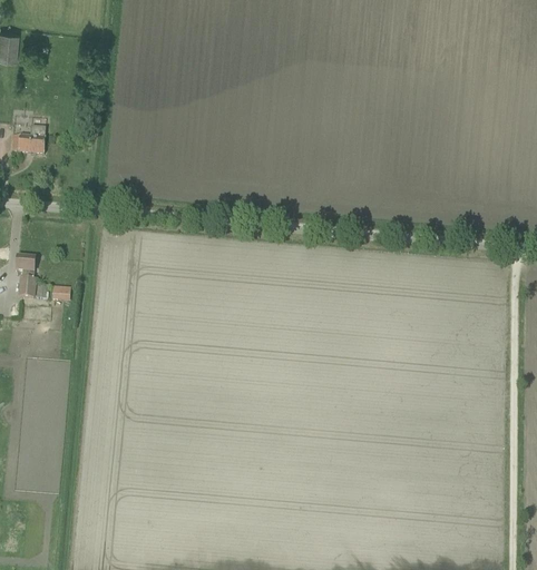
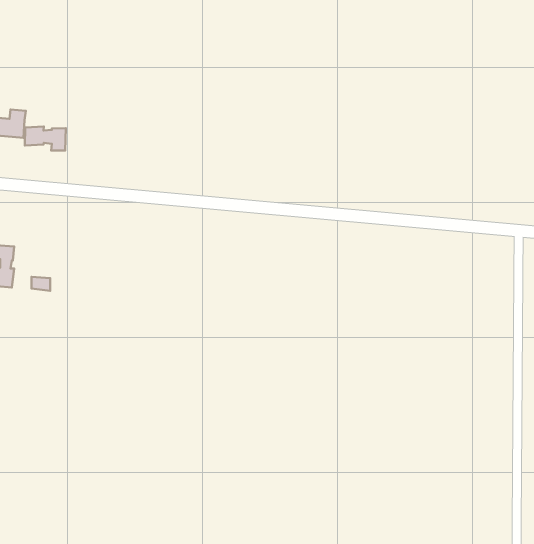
building: none -> [25,126,66,151]

